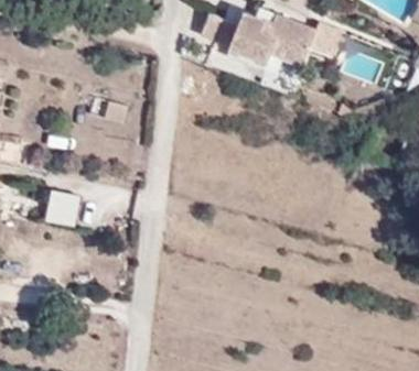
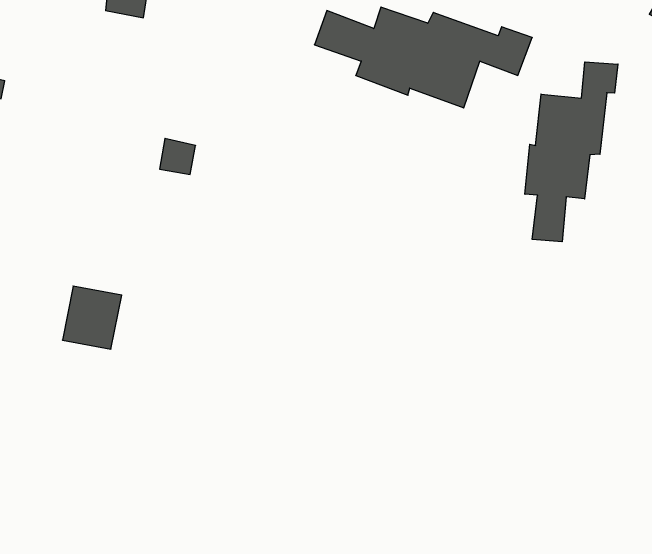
building: none -> [525,62,618,242]

